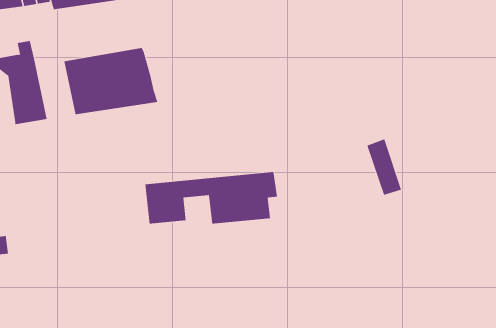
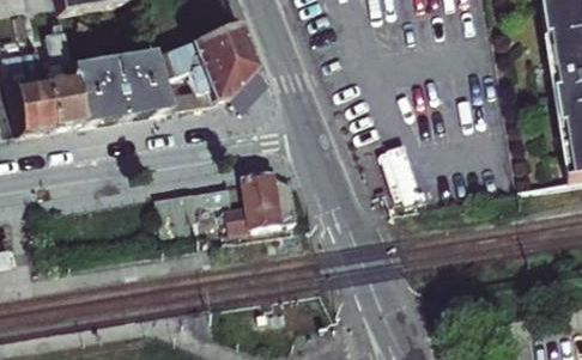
building: none -> [38,22,80,127]
building: none -> [153,23,256,109]

